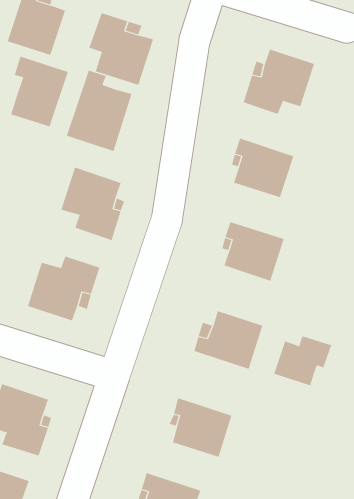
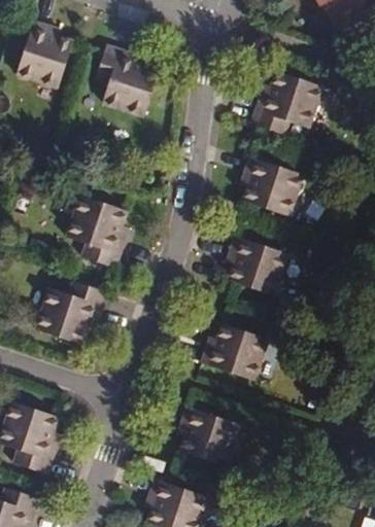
building: [11,56,69,127] -> none
building: [66,70,132,152] -> none
building: [273,335,332,386] -> none

